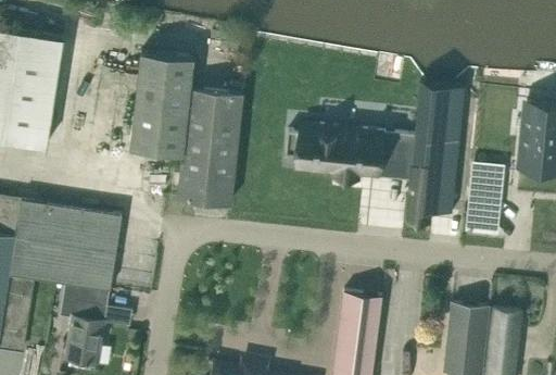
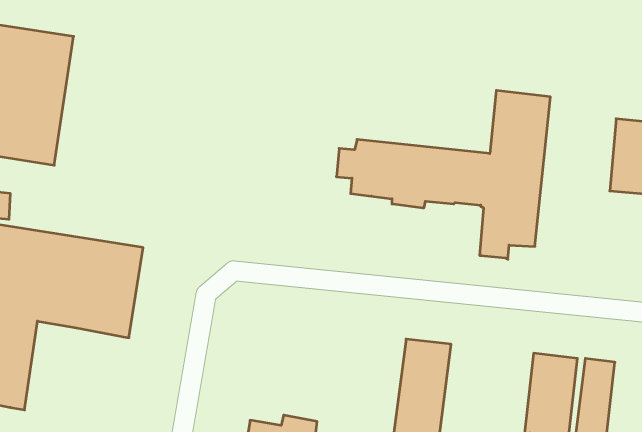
building: [130,54,242,205] -> none
building: [468,166,501,234] -> none
building: [60,284,111,365] -> none

